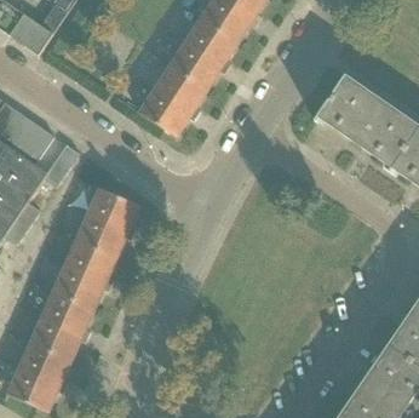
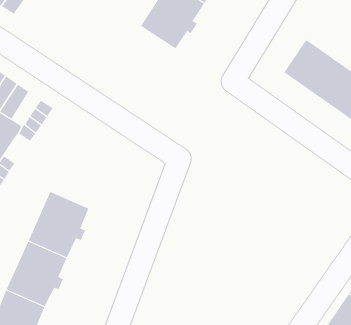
building: [138,65,207,137] -> none
building: [75,187,139,257] -> none

